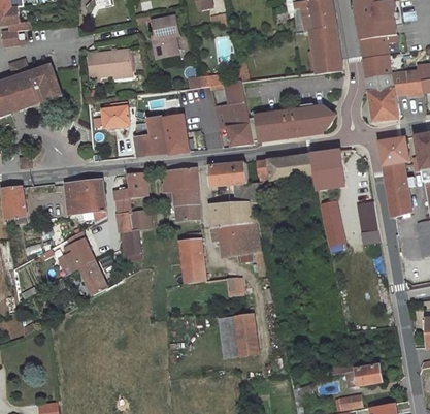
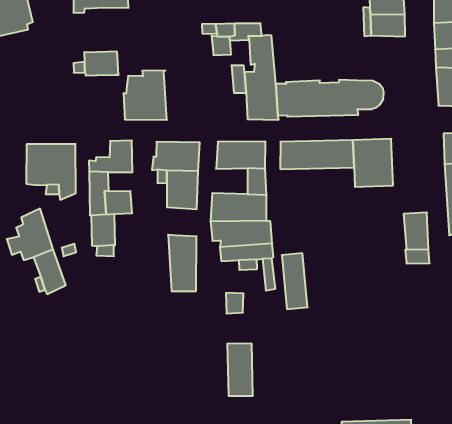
building: [163,114,189,153] -> none
building: [319,199,342,243] -> [282,253,308,309]
building: [219,317,238,358] -> none

